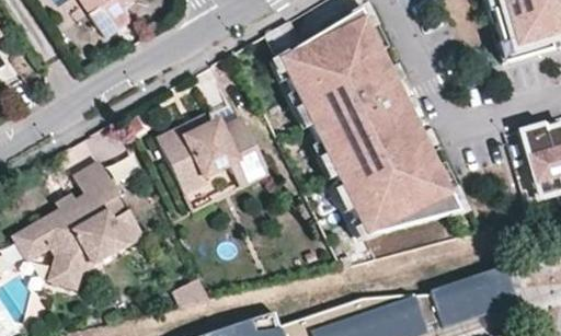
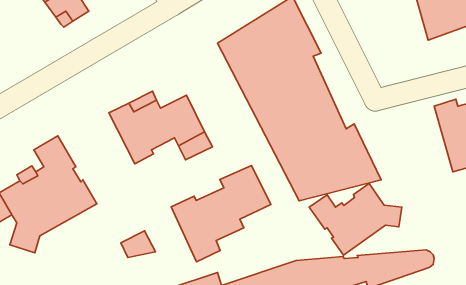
building: none -> [171,165,271,262]
building: none -> [309,184,402,255]

